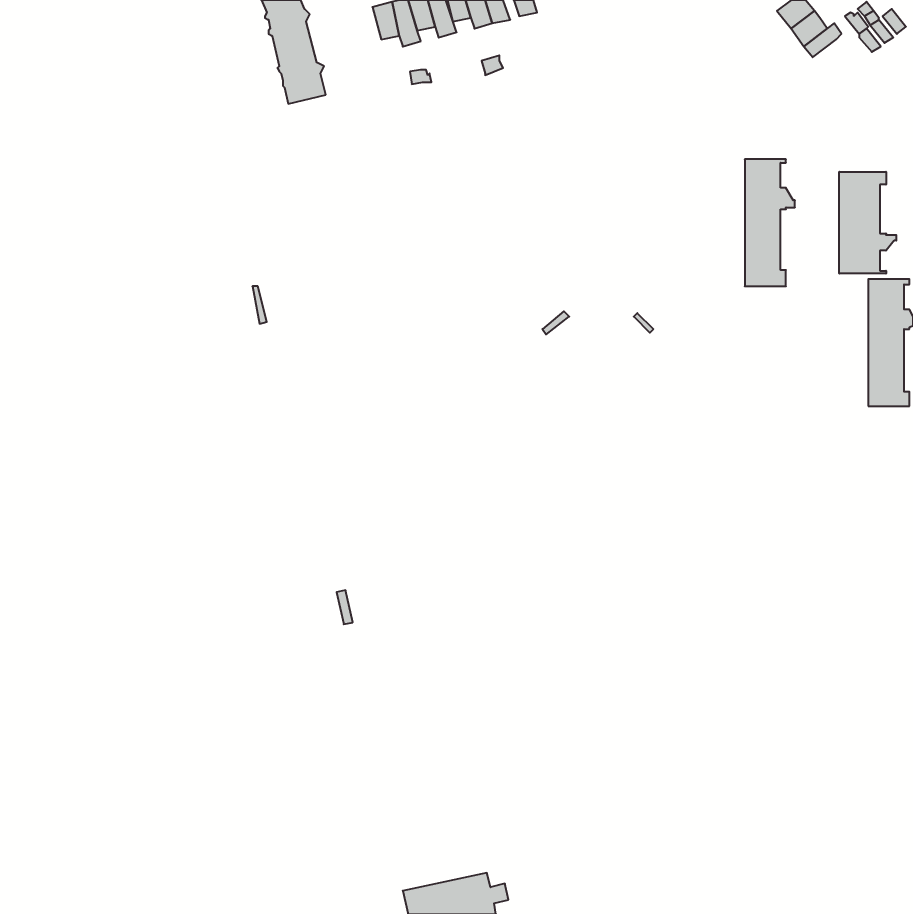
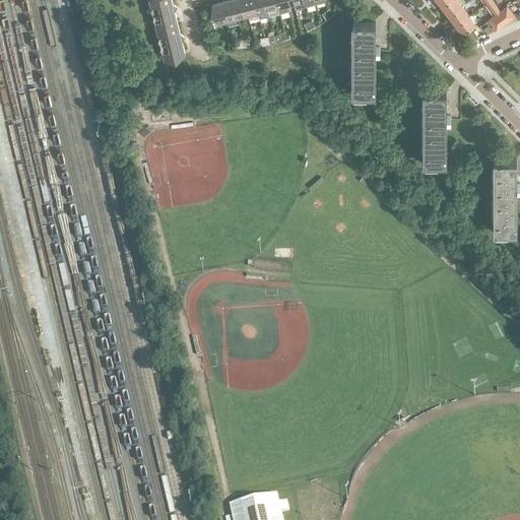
building: none -> [351,21,380,94]
building: [839,172,896,274] -> none

